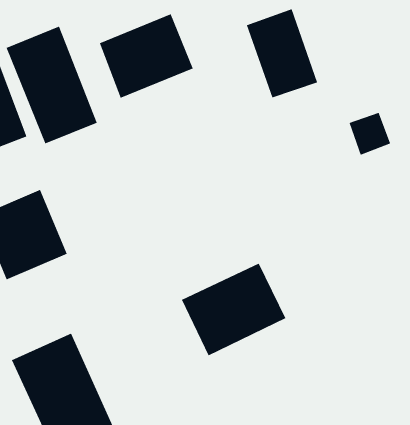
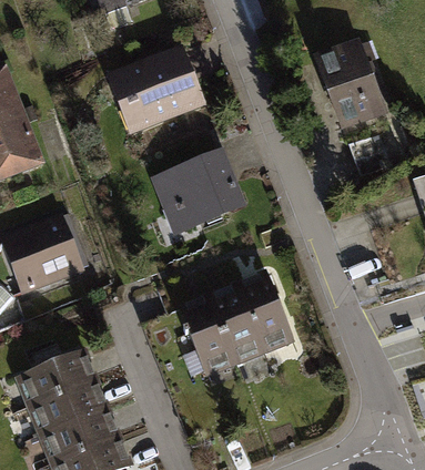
building: [246,8,318,98] -> [311,45,378,130]
building: [5,26,98,144] -> none
building: none -> [156,149,240,233]

